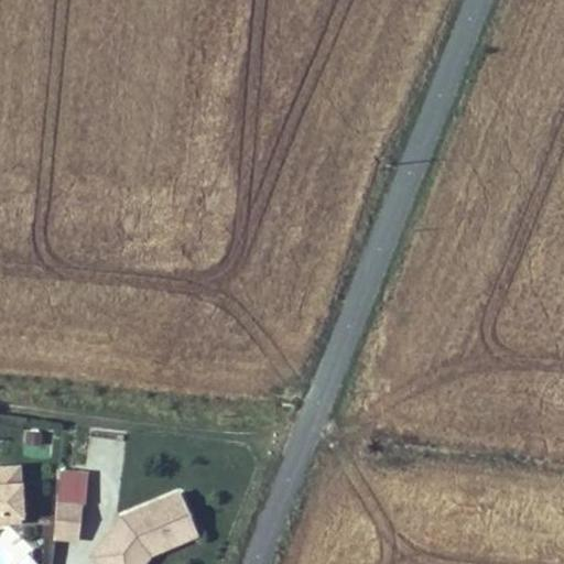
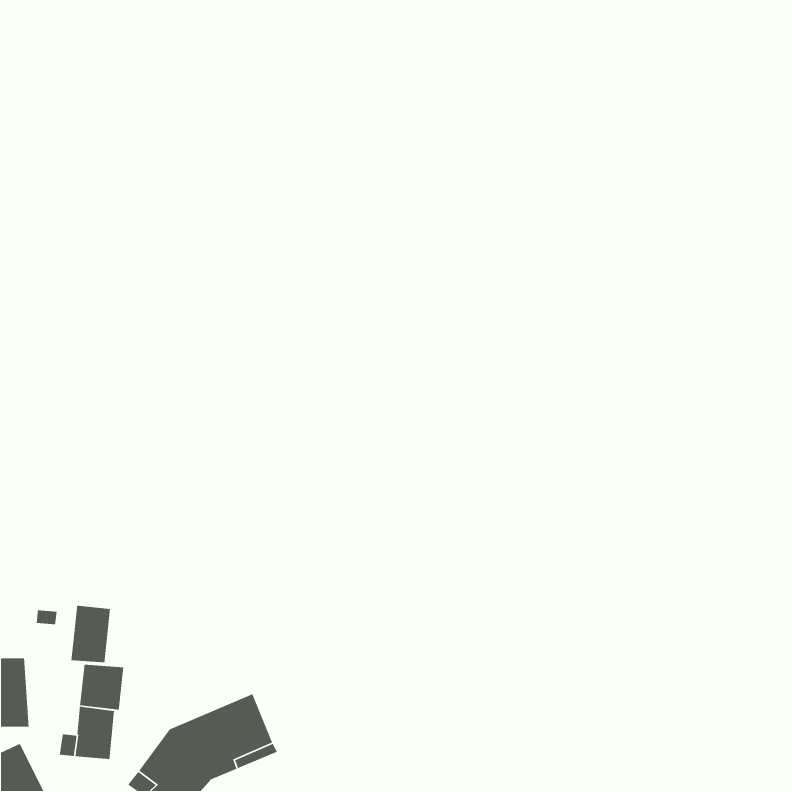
building: none -> [70,605,111,663]

